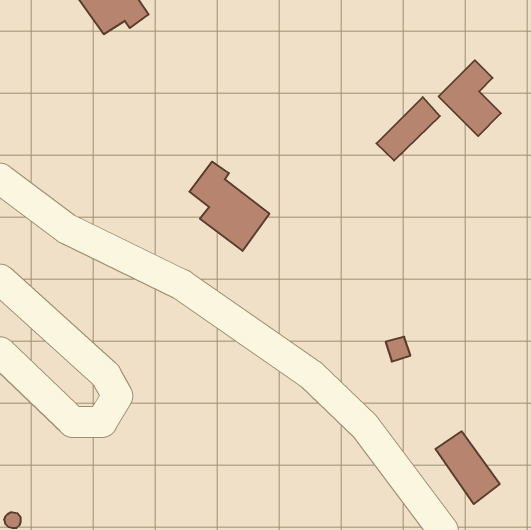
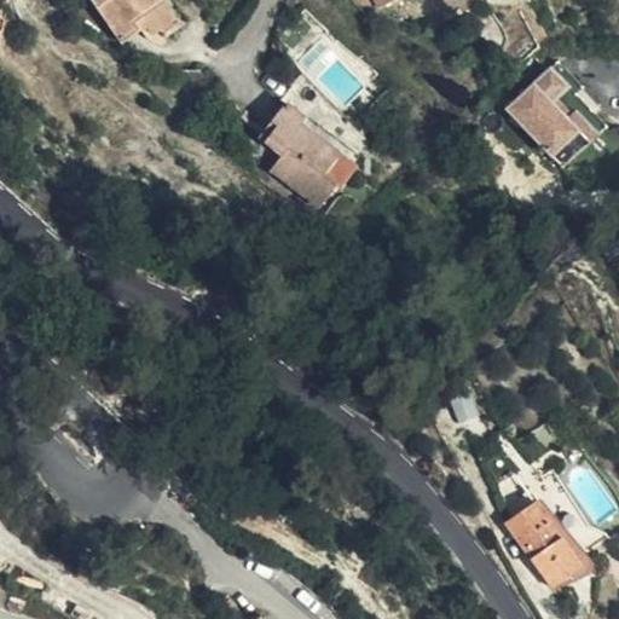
building: [376,97,440,161] -> none
building: [189,162,269,251] -> [259,102,352,206]

